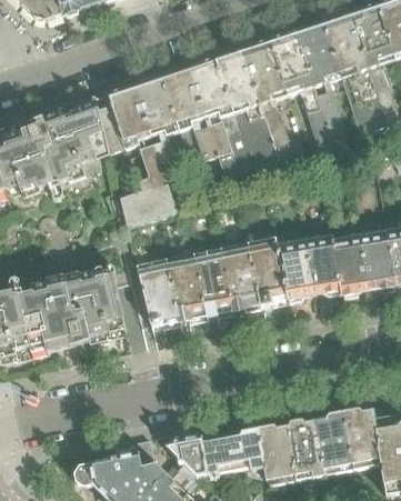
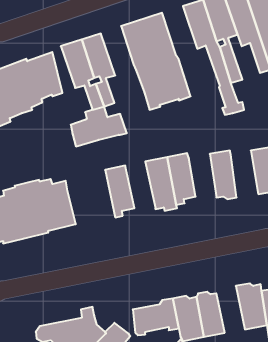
building: [242,40,294,160] -> none
building: [161,67,219,164] -> none
building: [96,93,127,156] -> none
building: [278,224,314,303] -> none
building: [333,232,370,294] -> none
building: [133,247,179,327] -> none
building: [193,247,233,315] -> none
building: [314,412,352,474] -> none
building: [167,432,207,475] -> none

